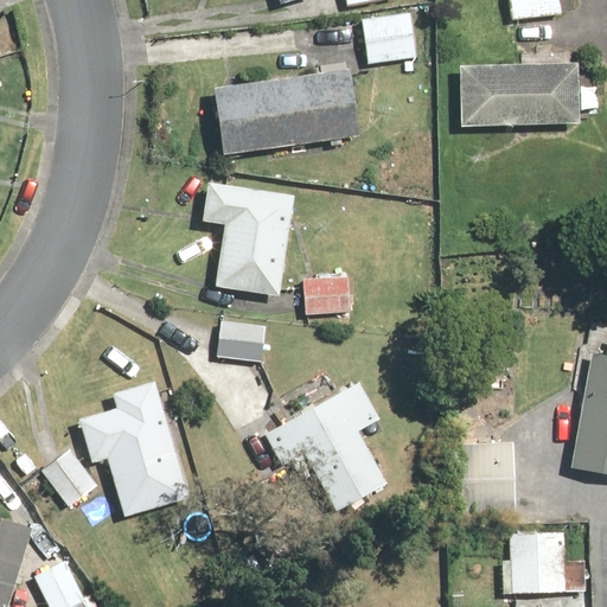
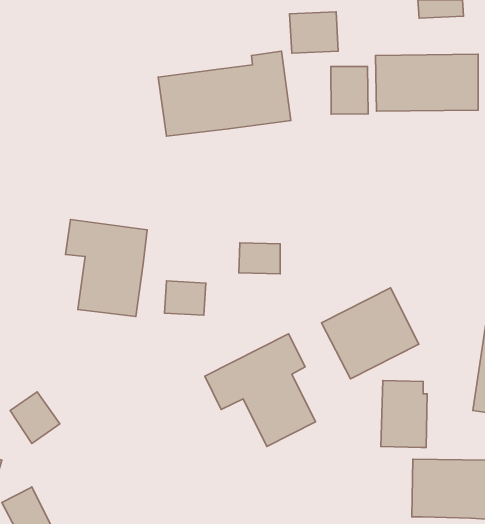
building: none -> [331,67,368,114]
building: [200,181,294,293] -> [65,219,147,317]
building: none -> [322,288,419,379]
building: [79,378,191,516] -> none

